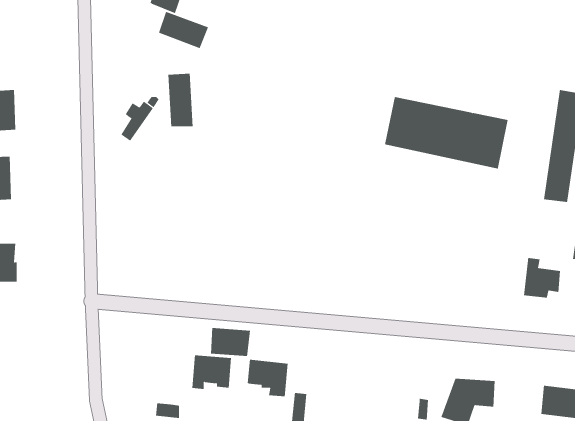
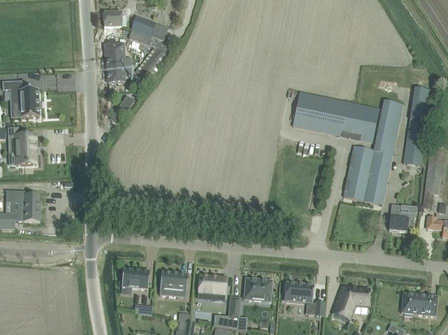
building: [167,73,194,127] -> [105,45,123,82]
building: none -> [342,101,402,205]
building: [210,328,251,357] -> [121,268,149,288]
building: none -> [243,278,271,300]
building: none -> [284,282,313,302]

